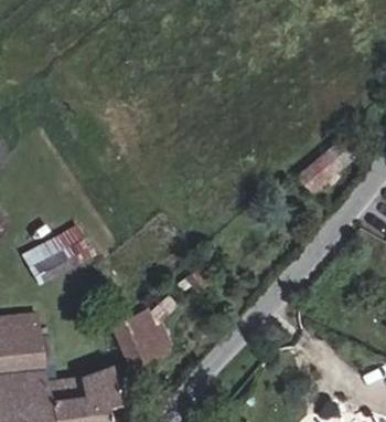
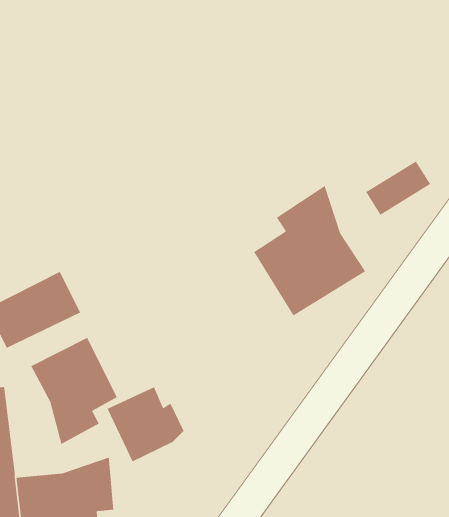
building: none -> [253,185,366,317]
building: none -> [30,337,118,445]

